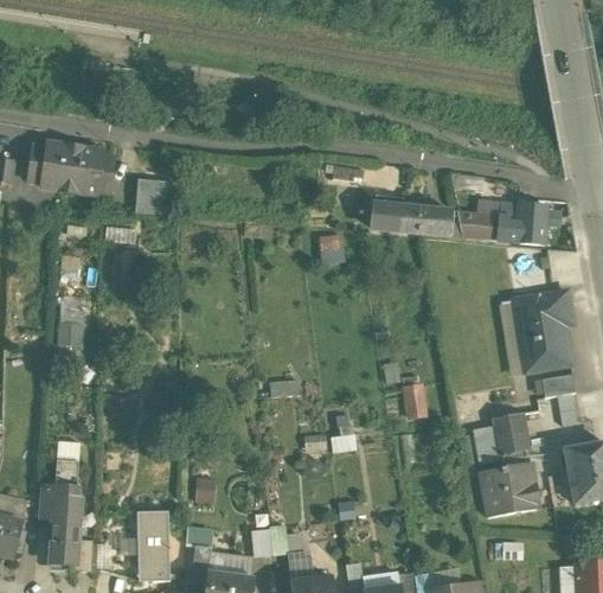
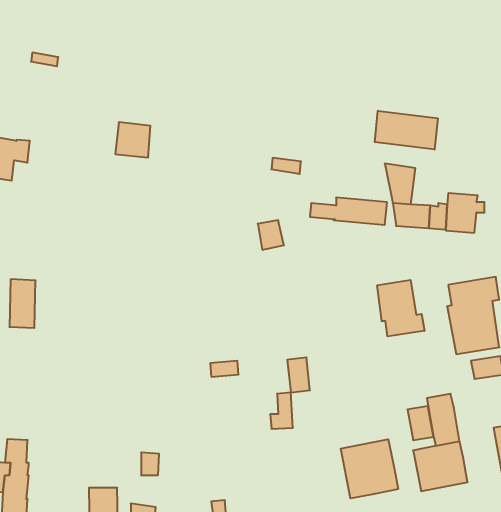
building: none -> [375,111,438,150]
building: [60,149,111,196] -> none
building: [134,180,171,217] -> [115,122,150,157]
building: none -> [377,280,424,336]
building: [403,381,426,417] -> [287,357,310,393]
building: none -> [341,439,398,498]

